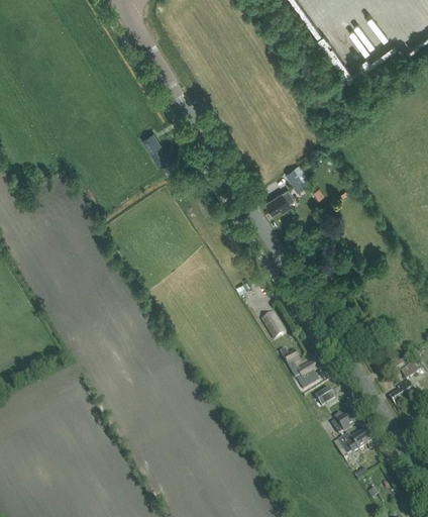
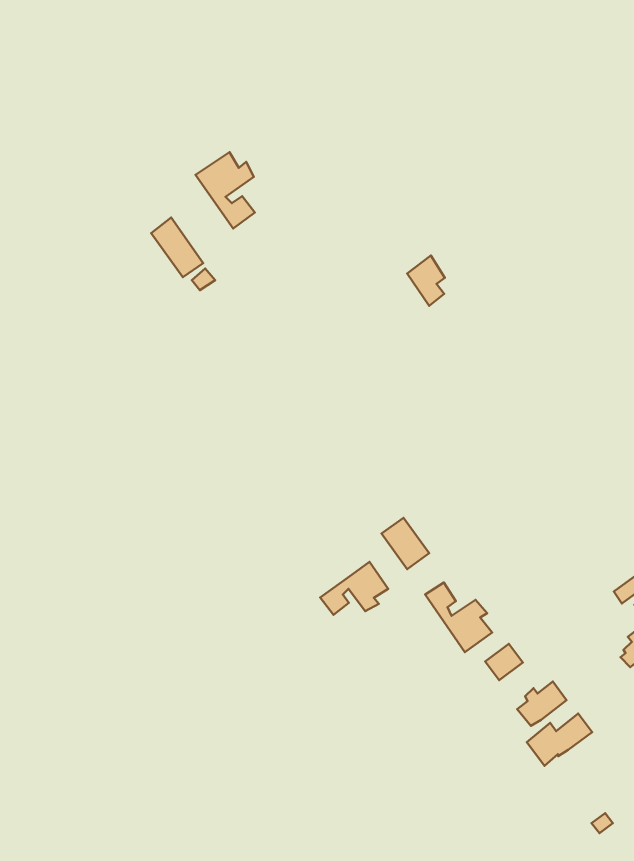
building: none -> [196,152,255,229]
building: [266,186,295,211] -> none
building: none -> [320,562,388,615]

